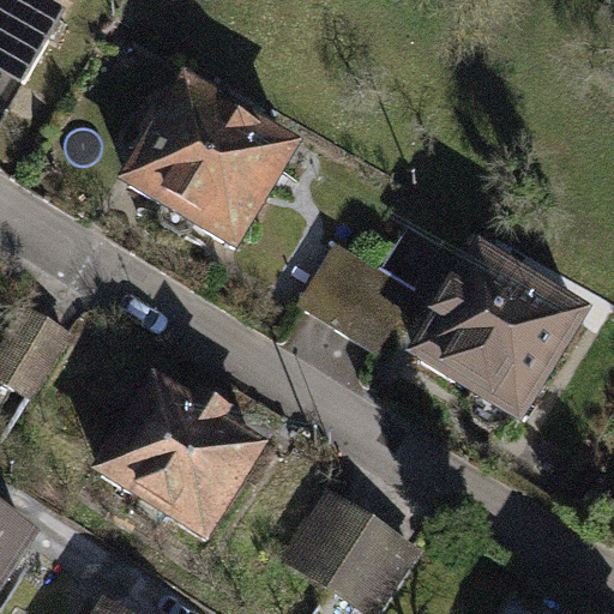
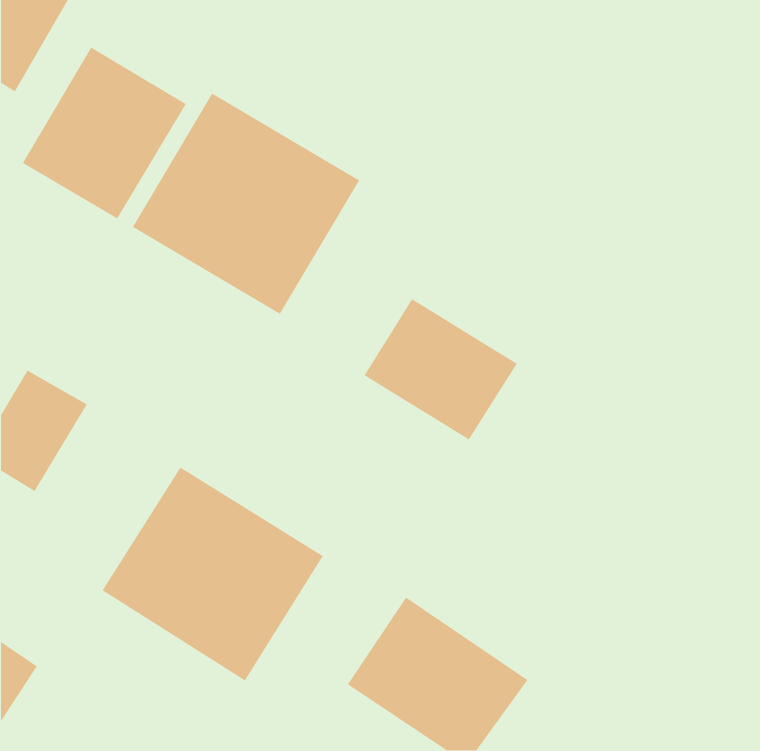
building: none -> [22,47,187,219]
building: [409,242,595,428] -> none

